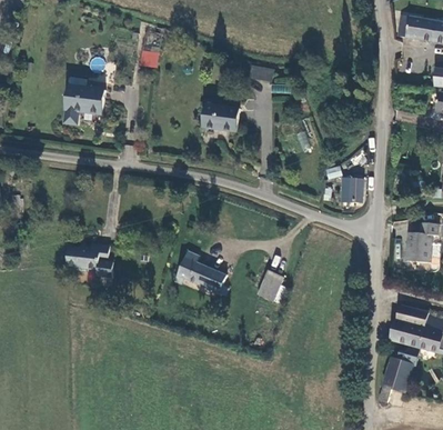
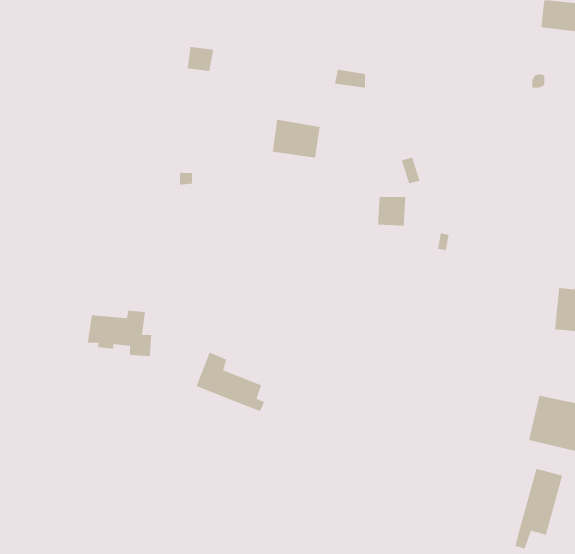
building: [64,87,102,127] -> none
building: [339,180,360,202] -> [377,196,406,227]
building: [175,251,226,296] -> [195,352,265,412]
building: [258,271,285,302] -> none

